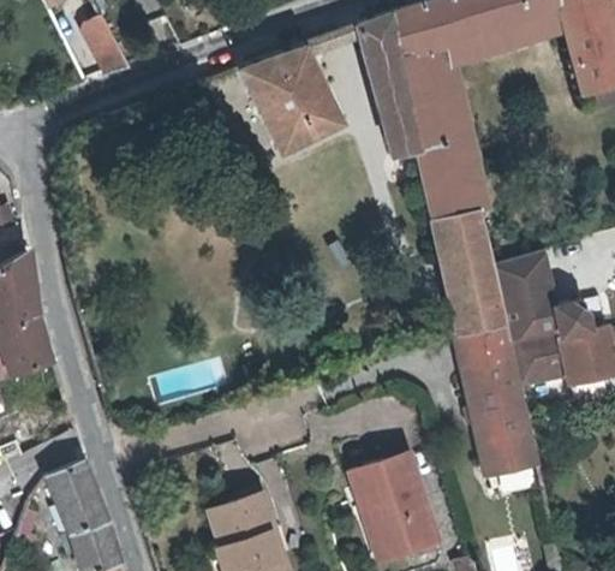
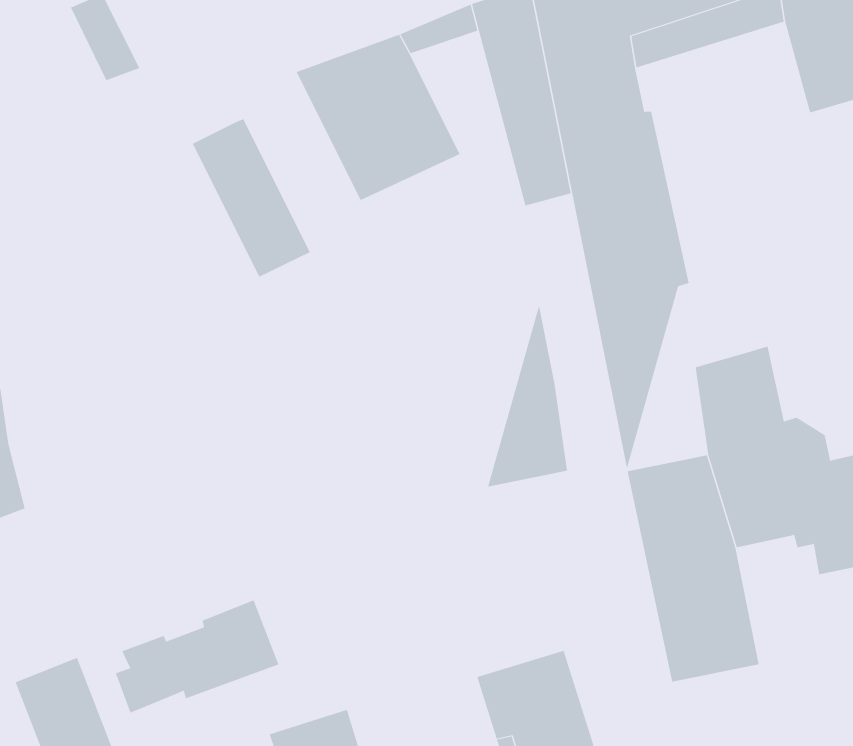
building: none -> [192,119,311,277]
building: [453,212,507,335] -> [487,303,568,487]
building: none -> [115,599,279,713]

